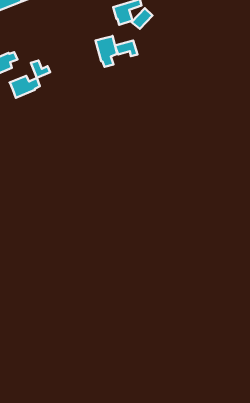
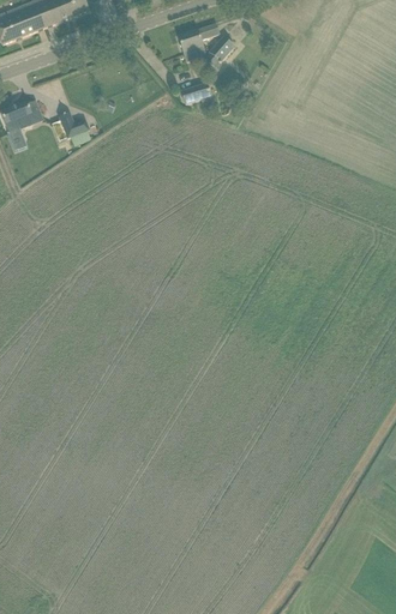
building: [95,36,117,67] -> none
building: [10,76,40,98] -> none

